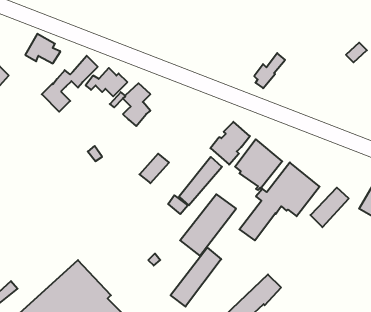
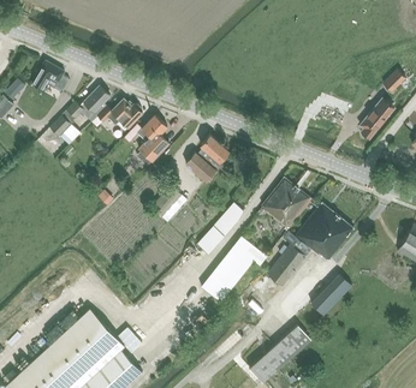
building: [254,53,285,88] -> [359,100,393,138]
building: [210,122,250,165] -> [185,135,228,181]
building: [310,188,349,227] -> [310,271,352,315]
building: [171,248,221,307] -> none

